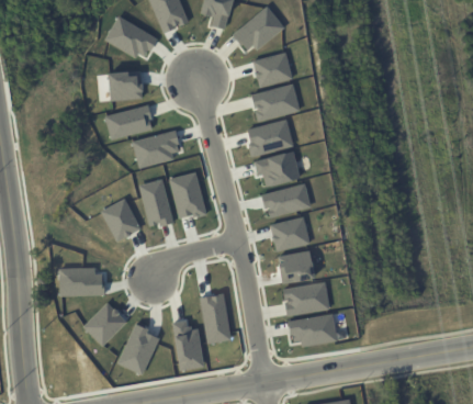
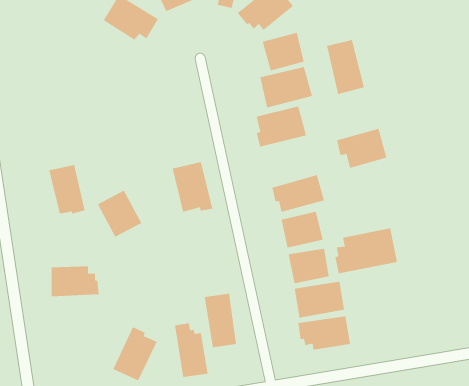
building: none -> [326,39,365,95]
building: [111,69,144,100] -> none
building: [106,103,154,138] -> none
building: [133,130,181,167] -> none
building: [255,149,302,187] -> [336,128,387,169]
building: [140,179,174,225] -> [49,164,85,214]
building: none -> [335,228,398,274]
building: [82,301,127,345] -> none

